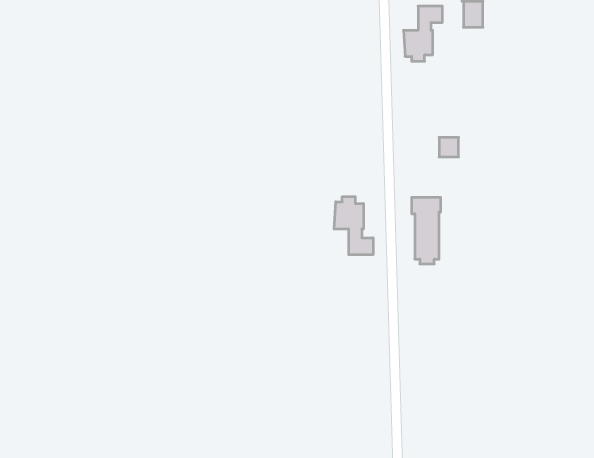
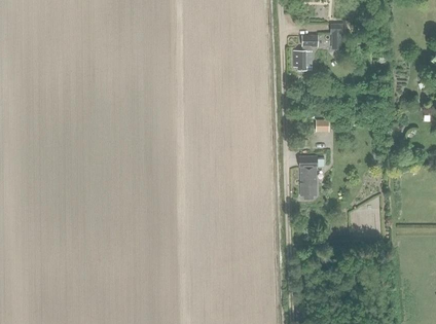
building: [334,197,373,255] -> none

